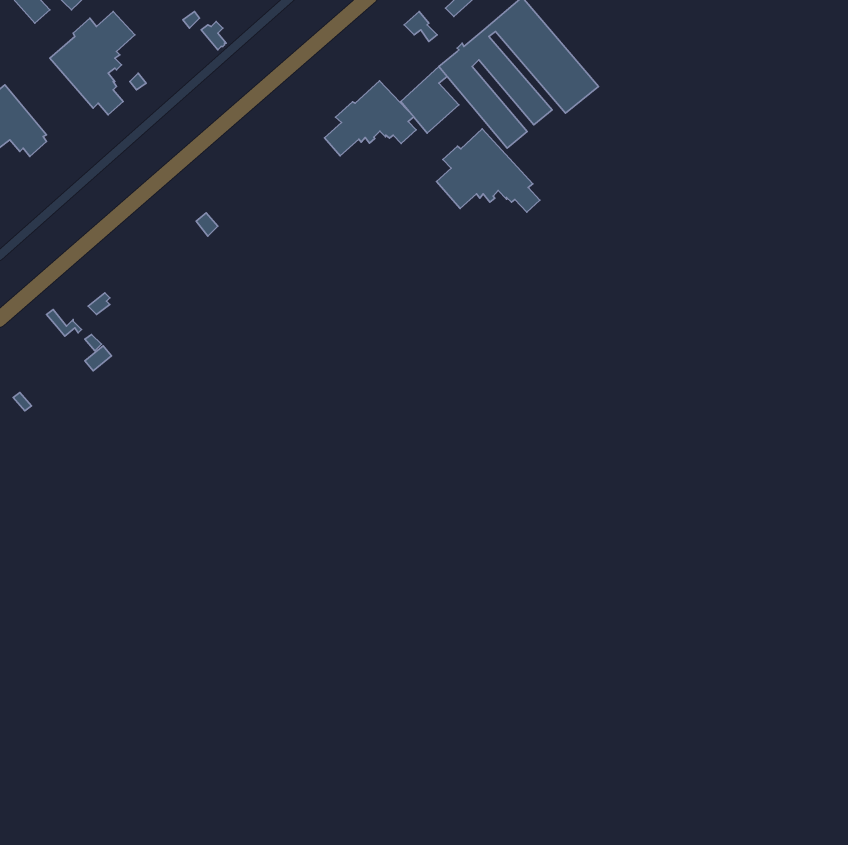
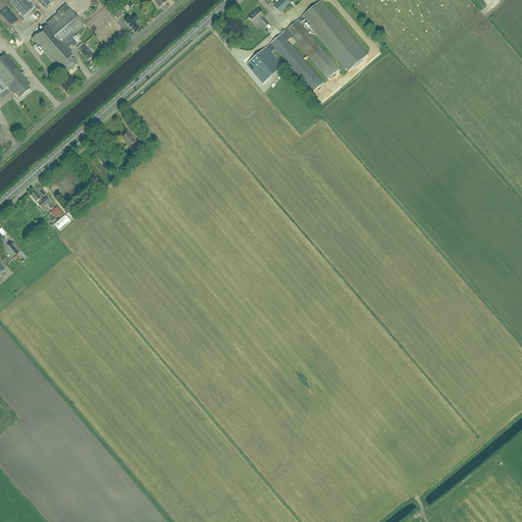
building: [325,81,416,156] -> none
building: [436,129,540,212] -> none

